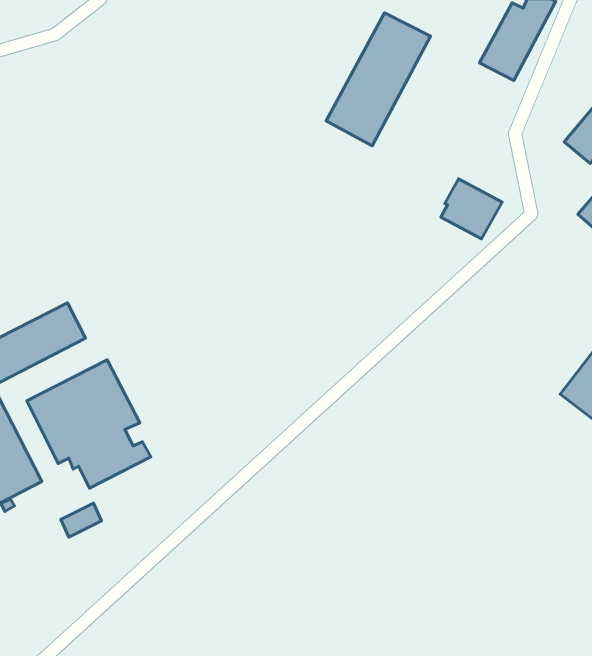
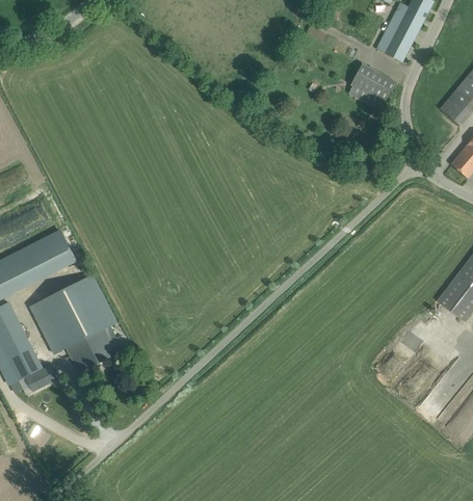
building: [326,13,431,146] -> none
building: [441,179,502,239] -> [348,63,395,109]
building: [61,503,102,537] -> [26,365,57,391]

